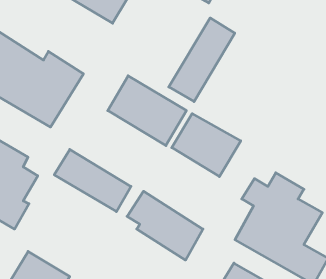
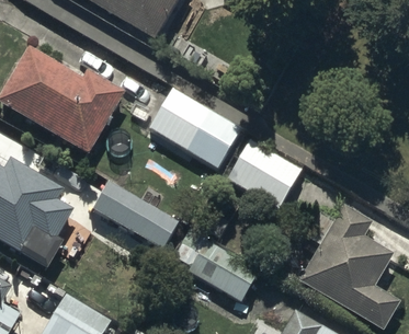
building: [169,18,235,102] -> none

